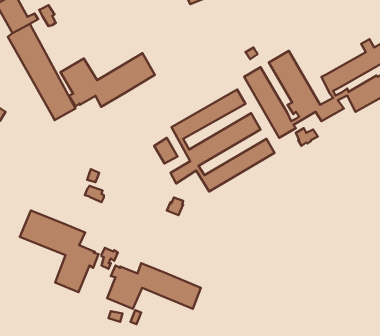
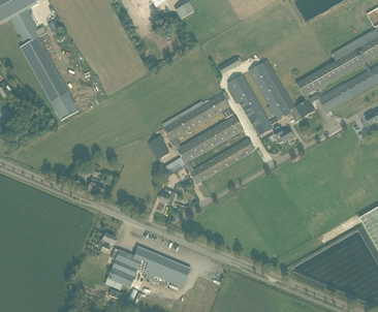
building: [61,53,155,107] -> none
building: [20,210,99,292] -> none

